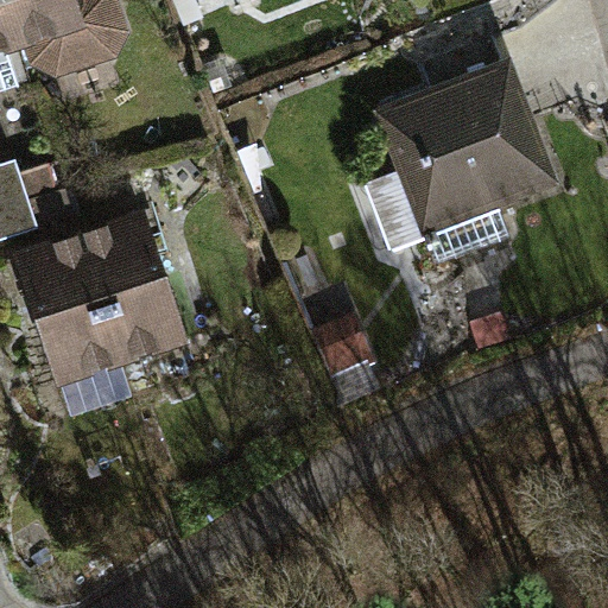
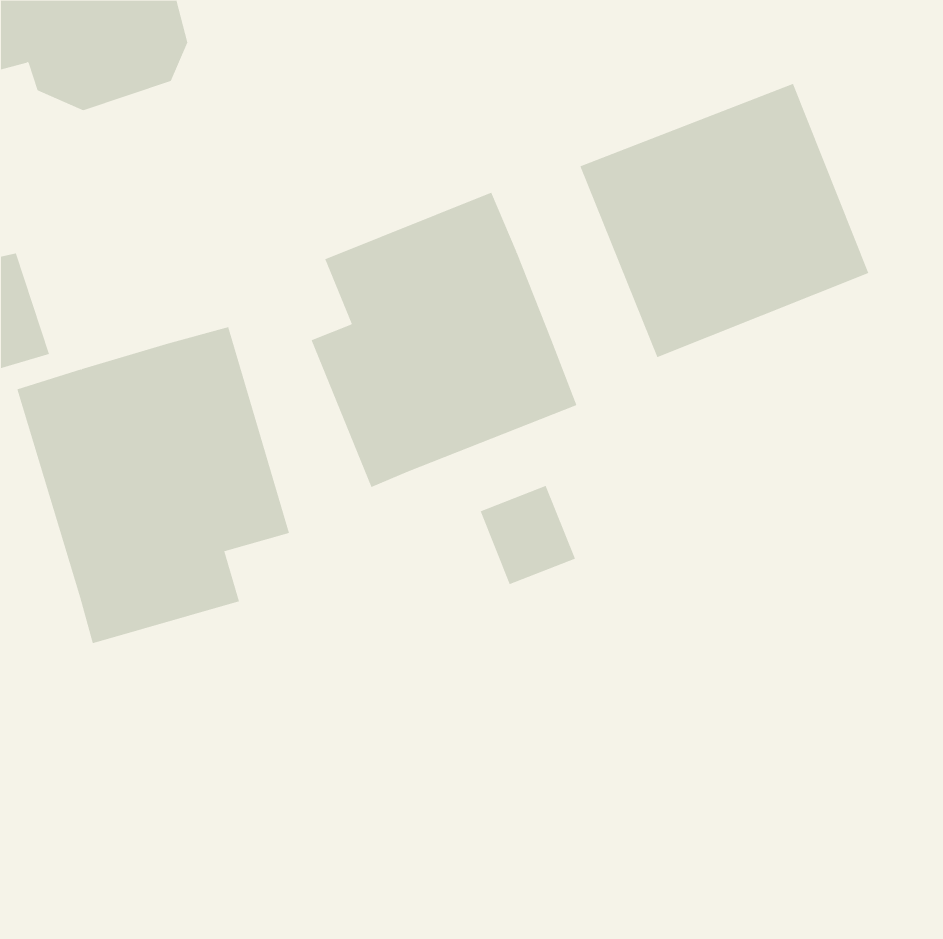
building: none -> [311,192,577,488]

